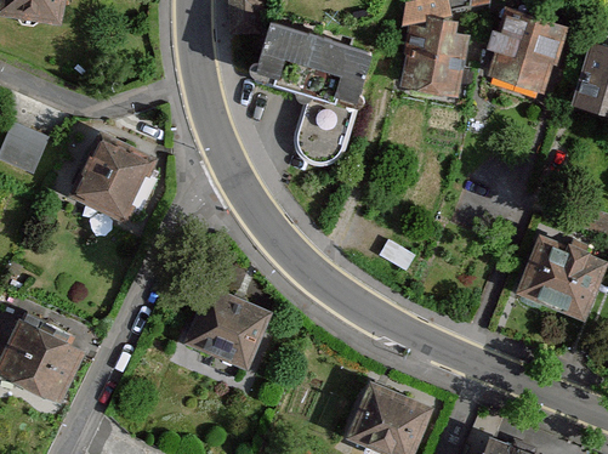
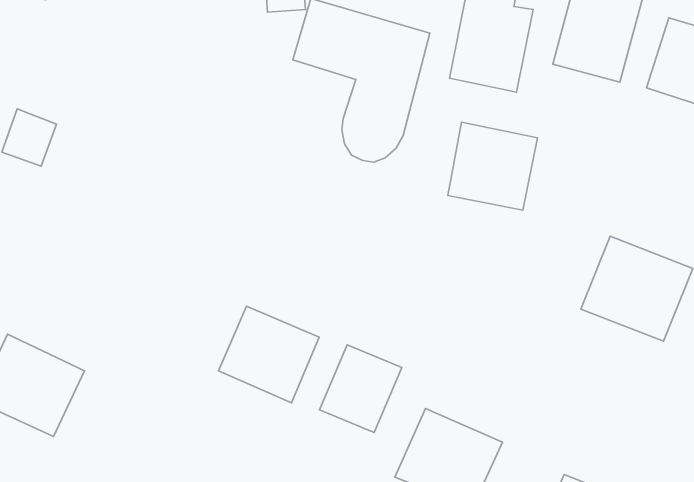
building: none -> [448,122,538,210]
building: [61,131,147,220] -> none
building: none -> [319,345,402,432]

